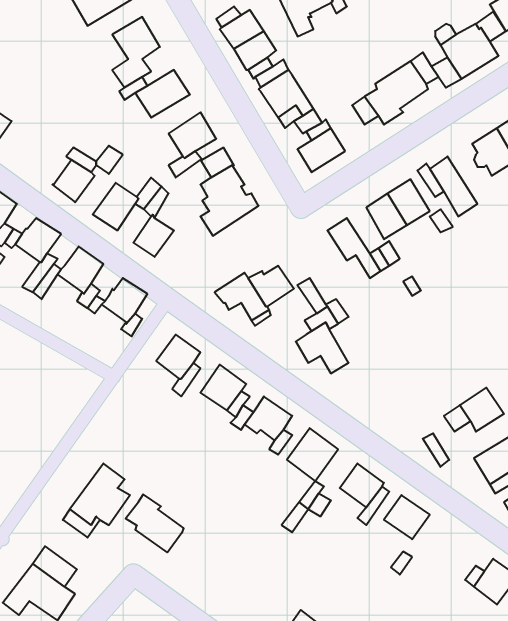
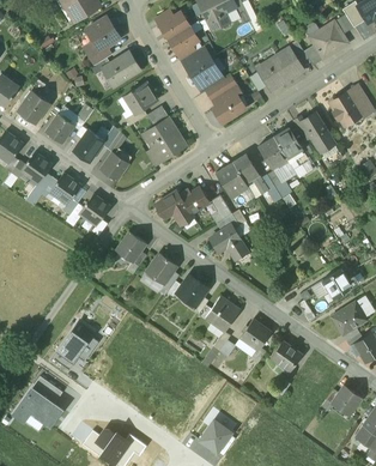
building: none -> [18,91,49,123]
building: none -> [214,162,248,198]
building: [126,494,184,552] -> none

